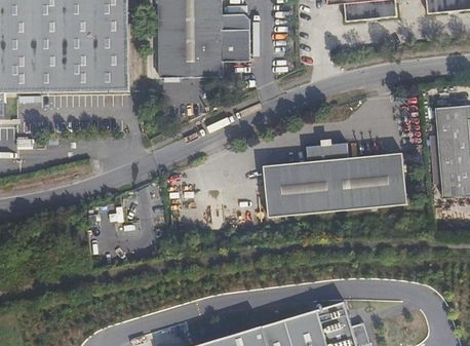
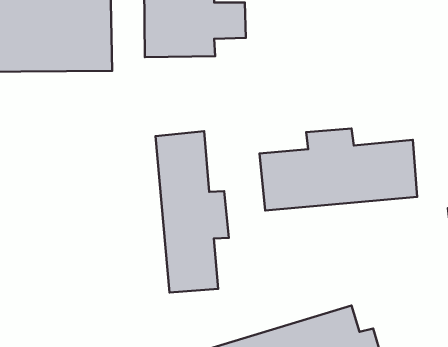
building: none -> [155,131,229,292]

